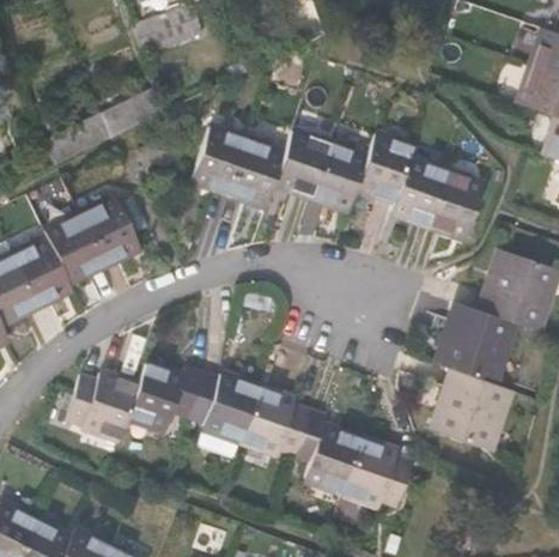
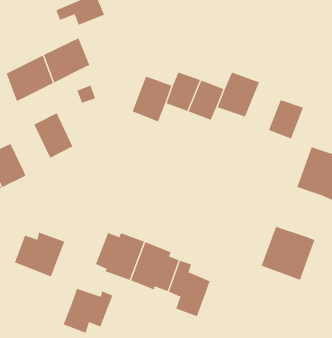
building: [199,122,256,189] -> none
building: [401,157,455,217] -> none
building: [53,208,115,278] -> none
building: [430,292,514,373] -> none
building: [126,357,200,424] -> [63,288,113,334]
building: [333,440,403,509] -> none

